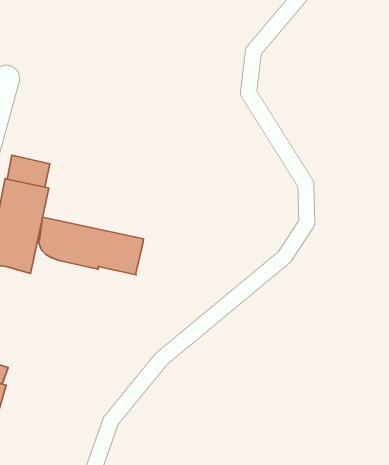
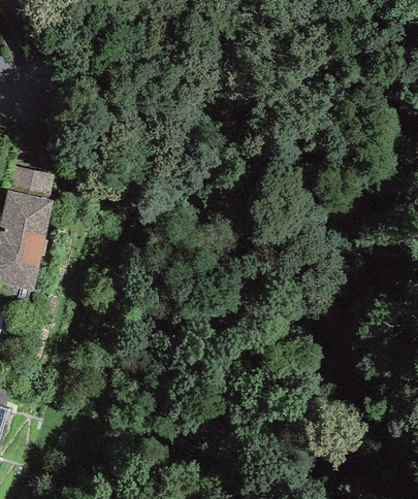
building: [39,217,144,275] -> none

